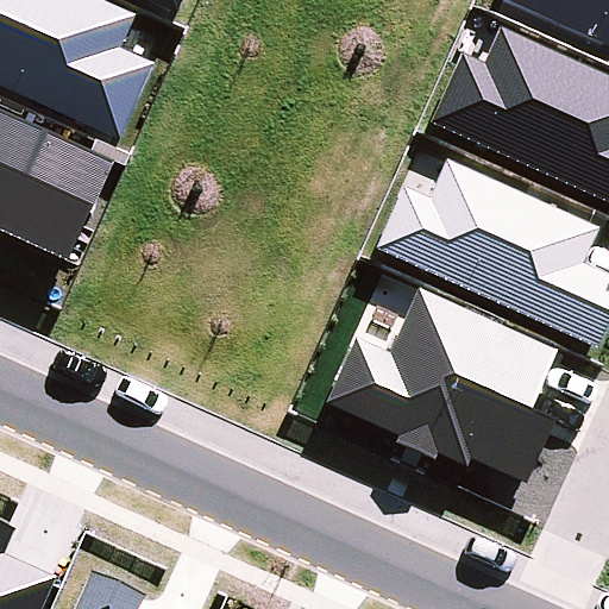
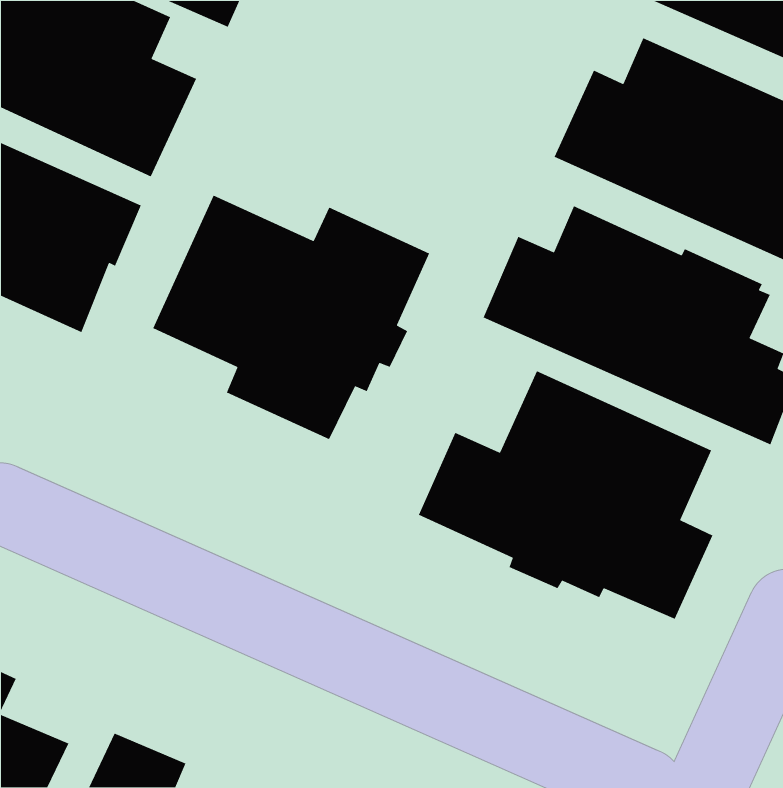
building: none -> [152,194,430,440]

